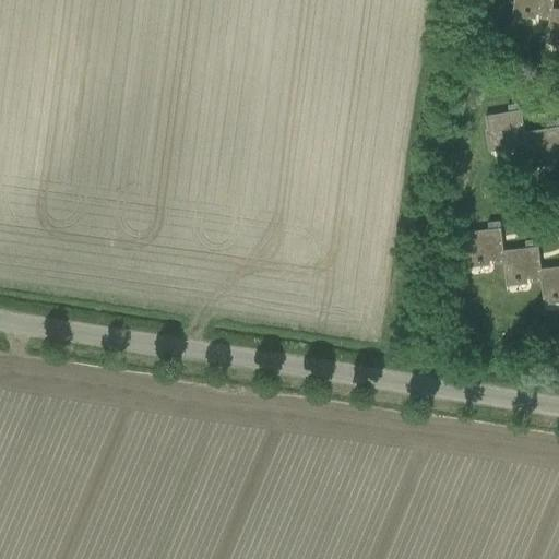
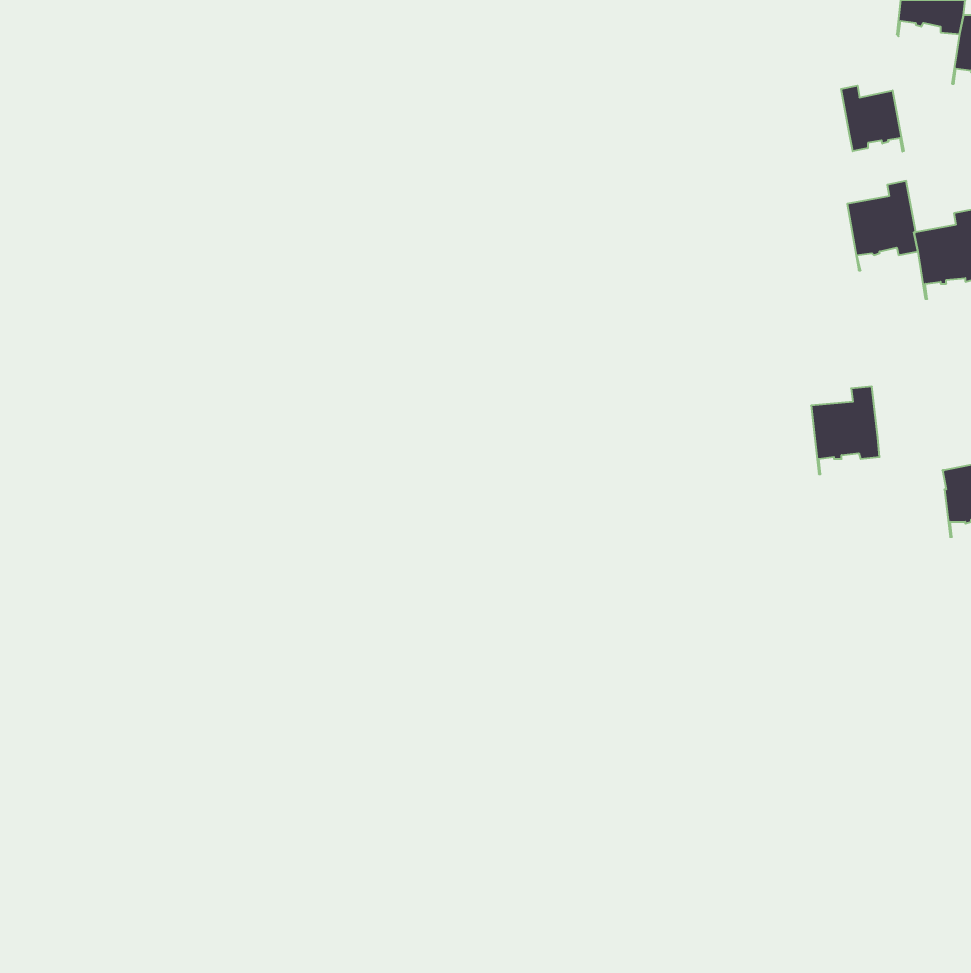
building: none -> [841,86,904,152]
building: [504,240,544,290] -> none

